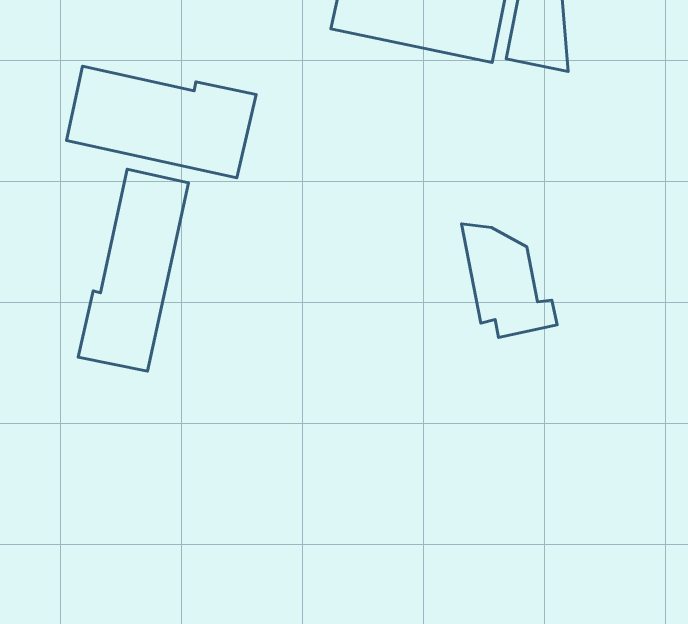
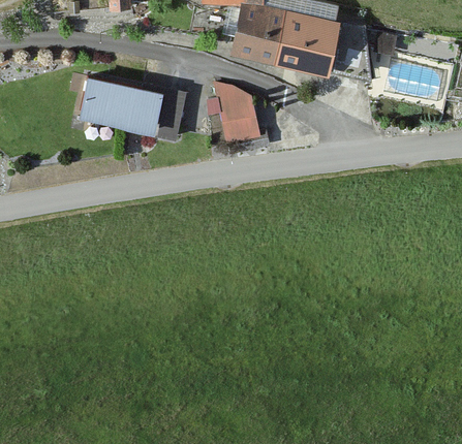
building: [78,169,188,371] -> none
building: [461,224,557,337] -> [215,87,271,153]

